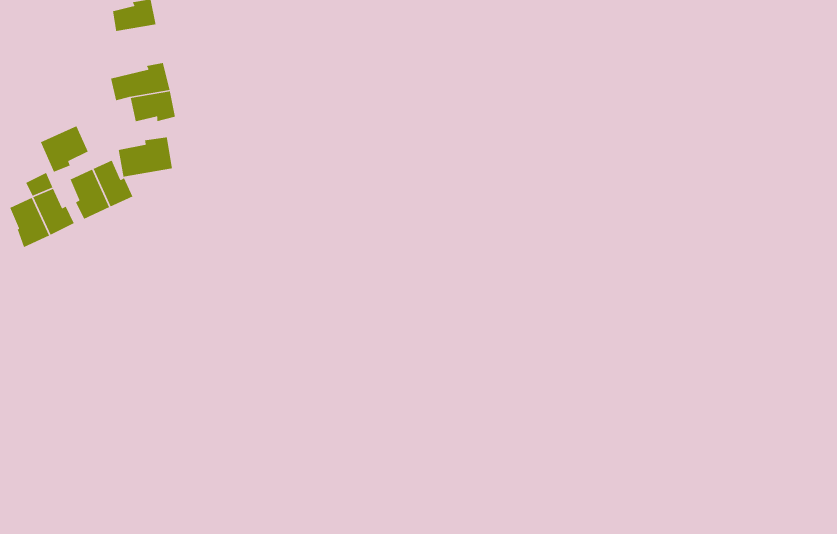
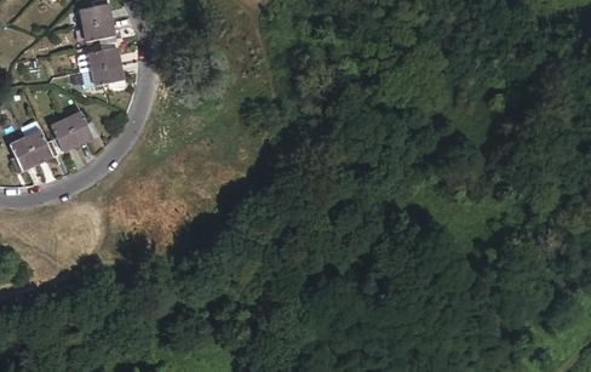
building: none -> [82,19,114,41]
building: [40,125,89,173] -> none
building: [118,137,173,178] -> none

